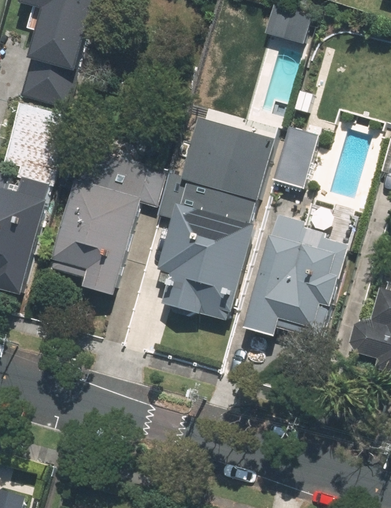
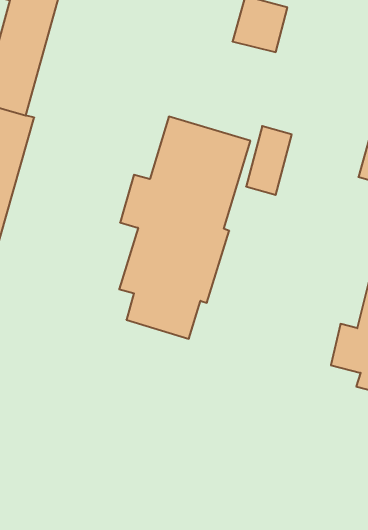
building: [50,145,166,293] -> none
building: [244,211,350,337] -> none

